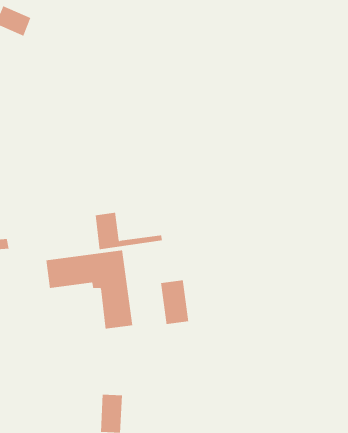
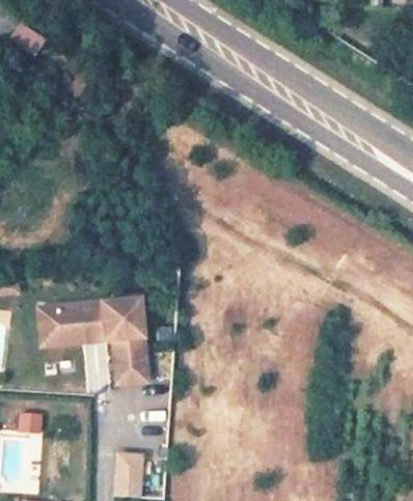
building: [95,212,163,250] -> [33,305,108,346]
building: [161,280,189,325] -> none

